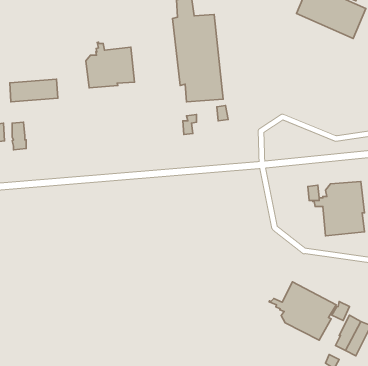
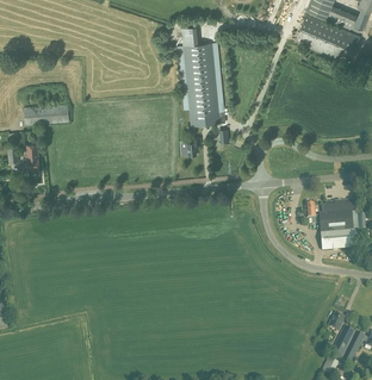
building: [86,42,134,88] -> none
building: [269,282,336,340] -> none

